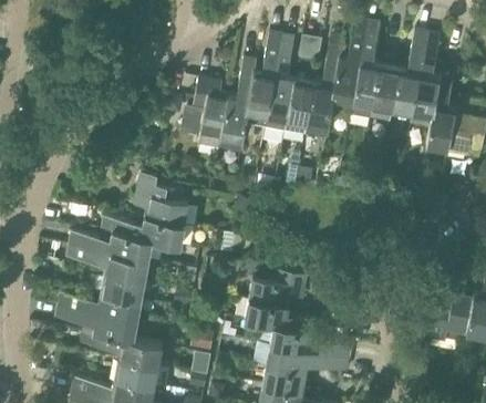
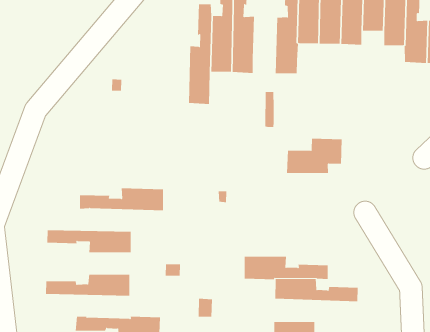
building: [193,80,229,151] -> none
building: [285,80,314,136] -> none
building: [135,172,188,227] -> none
building: [69,234,152,261] -> none
building: [248,272,306,308] -> [286,138,342,174]
building: [101,275,144,301] -> none
building: [55,307,136,342] -> none
building: [266,345,348,373] -> none

